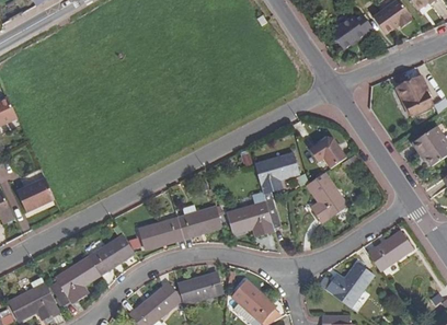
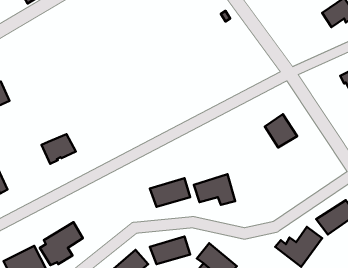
building: [330,12,374,48] -> none
building: [254,152,299,194] -> none
building: [308,174,347,224] -> none
building: [15,178,55,212] -> [42,134,76,164]
building: [139,218,184,251] -> none
building: [89,235,134,275] -> none

